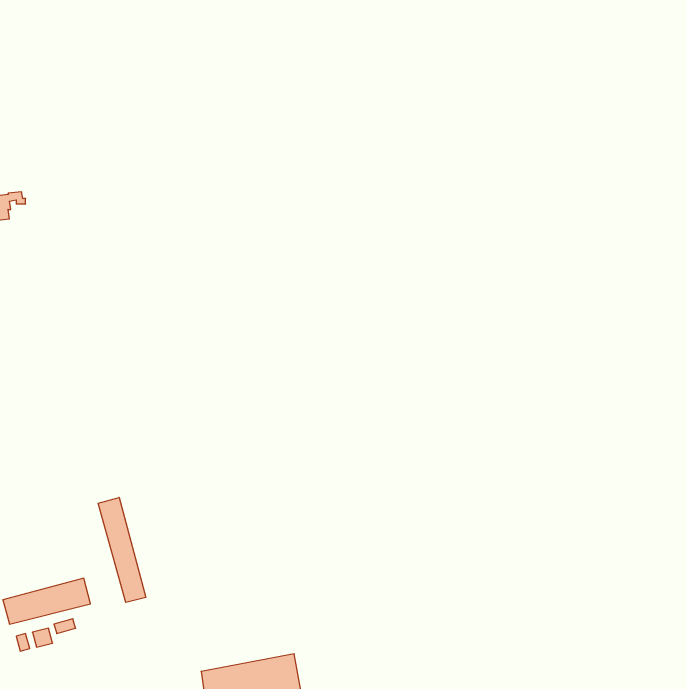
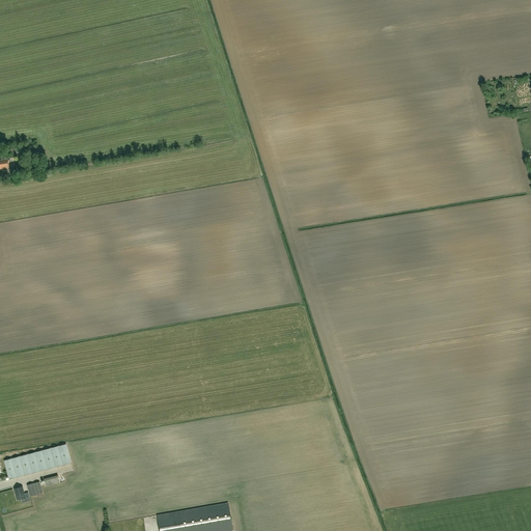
building: [98,497,146,602] -> none

